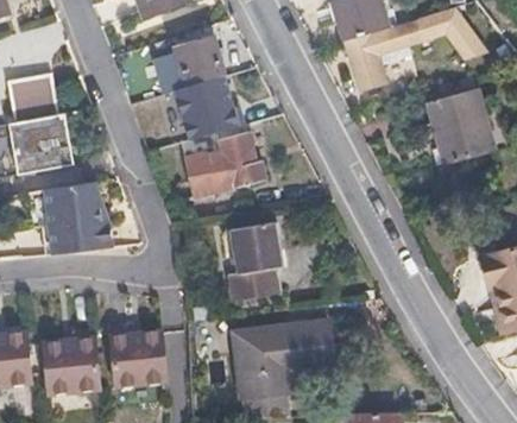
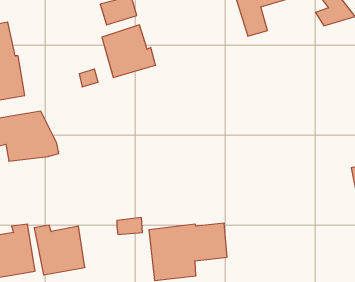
building: [425,87,492,165] -> none
building: [184,134,266,200] -> none
building: [232,225,284,301] -> none

